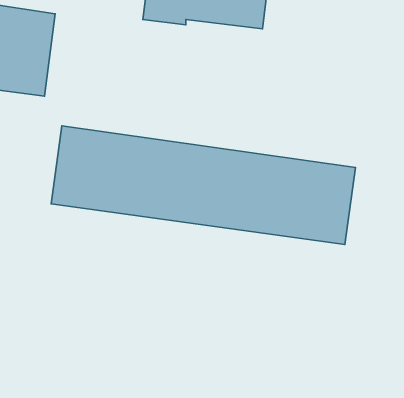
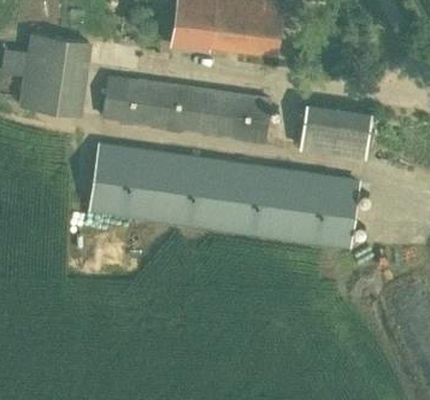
building: none -> [101,76,269,141]
building: none -> [307,96,376,157]

